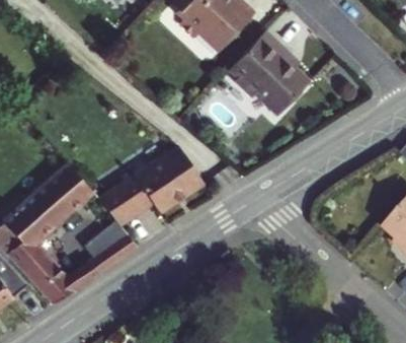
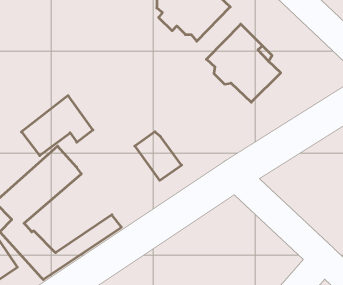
building: [100,162,176,226] -> [21,96,93,156]

